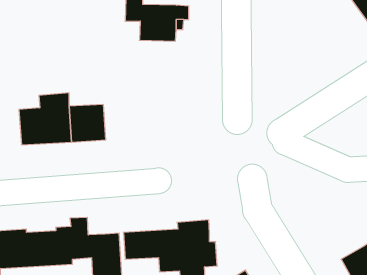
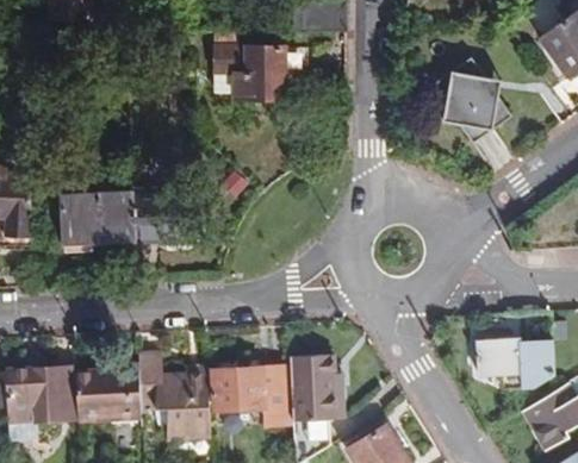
building: none -> [431,55,511,142]
building: none -> [474,338,553,389]

